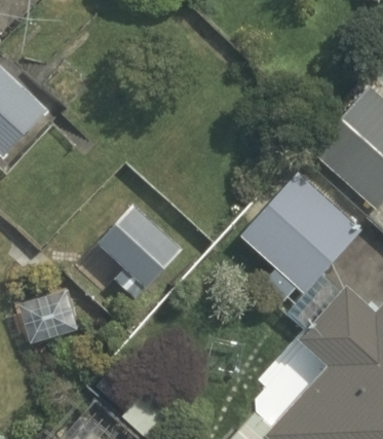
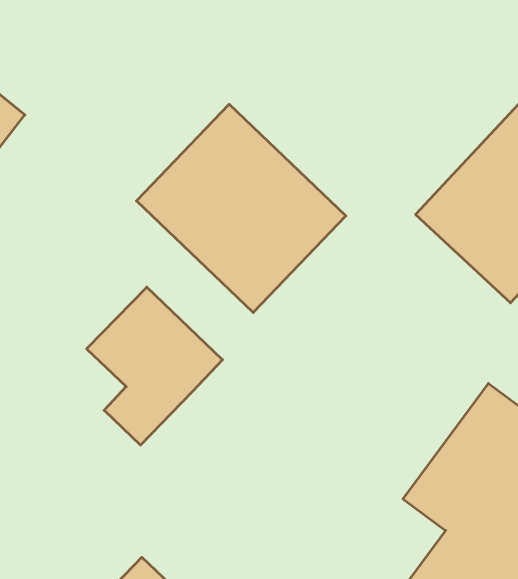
building: none -> [136,104,346,313]
building: [238,166,362,290] -> none

